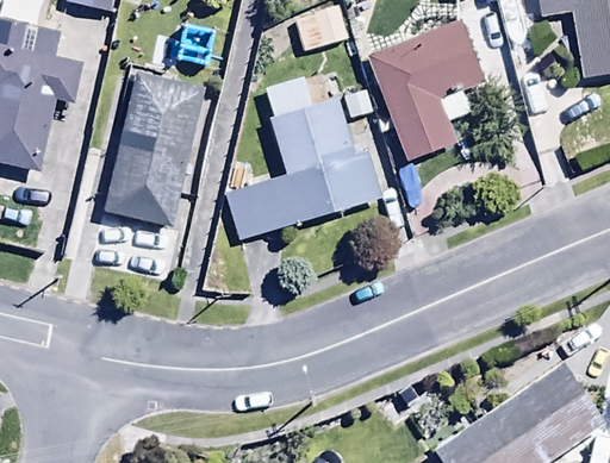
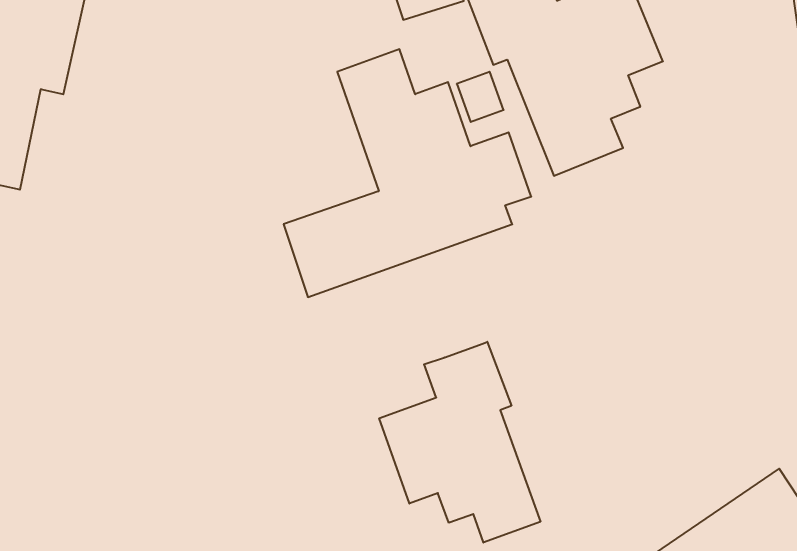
building: [104,70,203,224] -> none
building: none -> [379,342,540,543]

